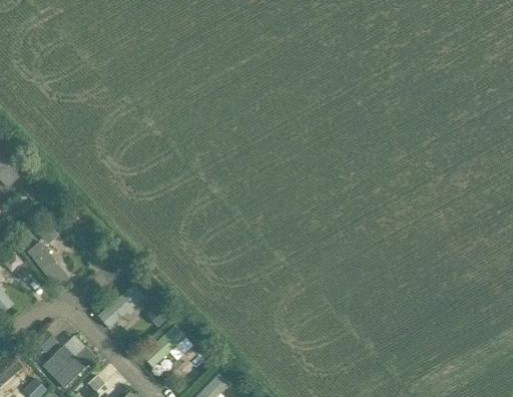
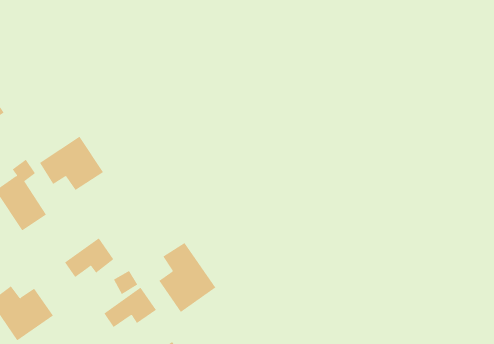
building: none -> [39,136,104,191]
building: none -> [159,242,216,313]

